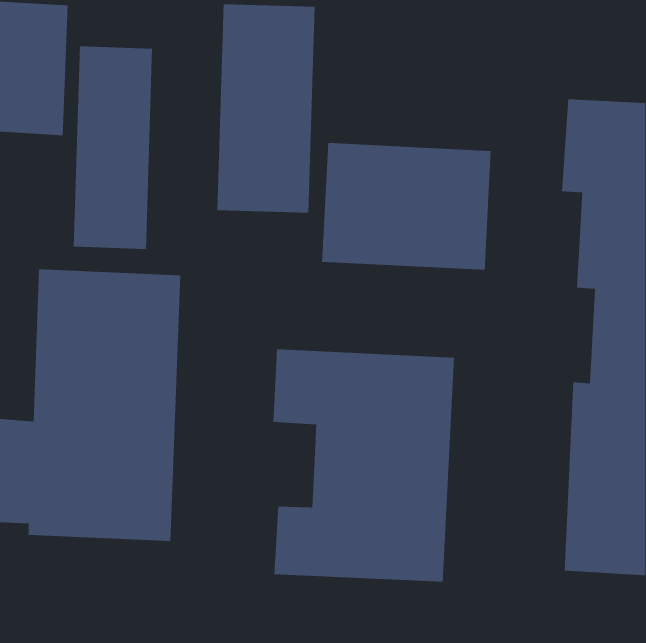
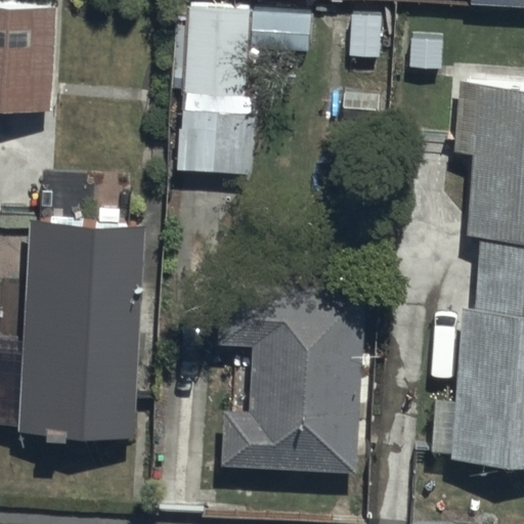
building: [73,46,153,250] -> none
building: [322,142,491,271] -> none

